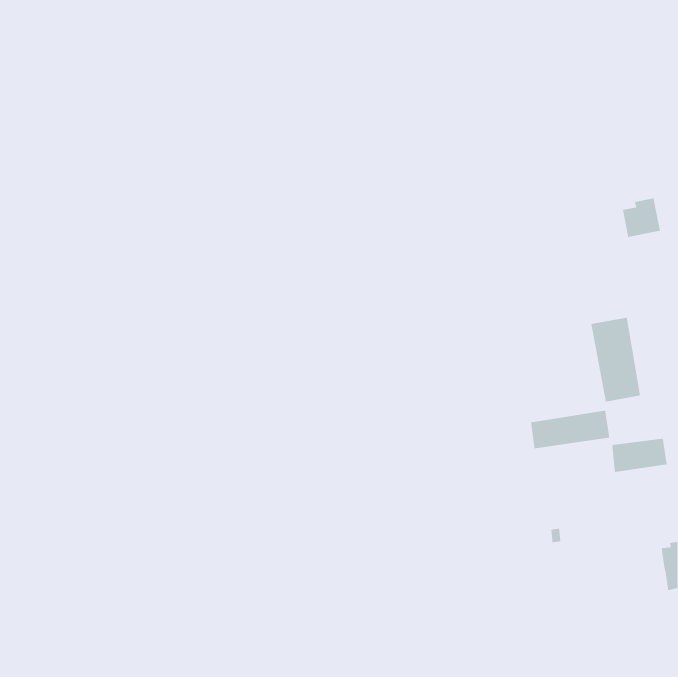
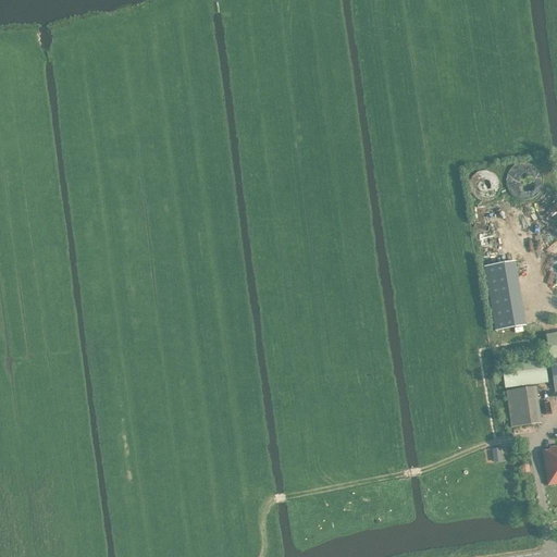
building: [530,410,610,449] -> none
building: none -> [509,385,539,416]

